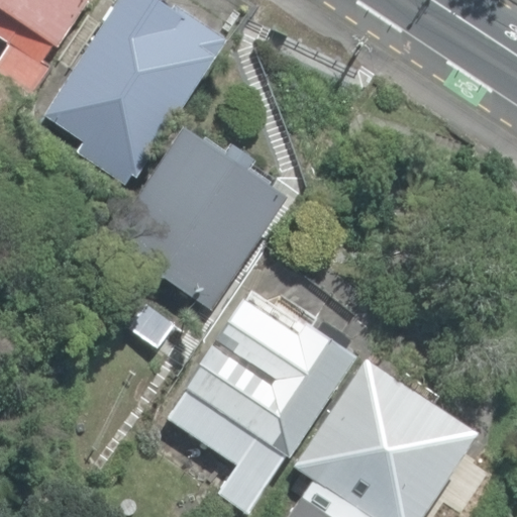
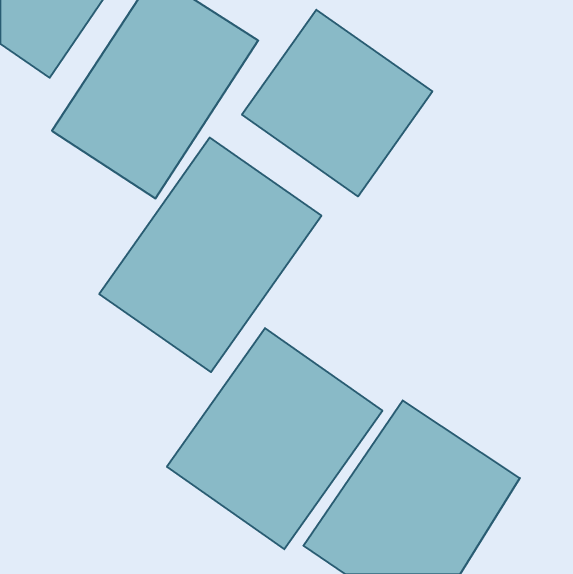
building: none -> [242,10,432,196]

